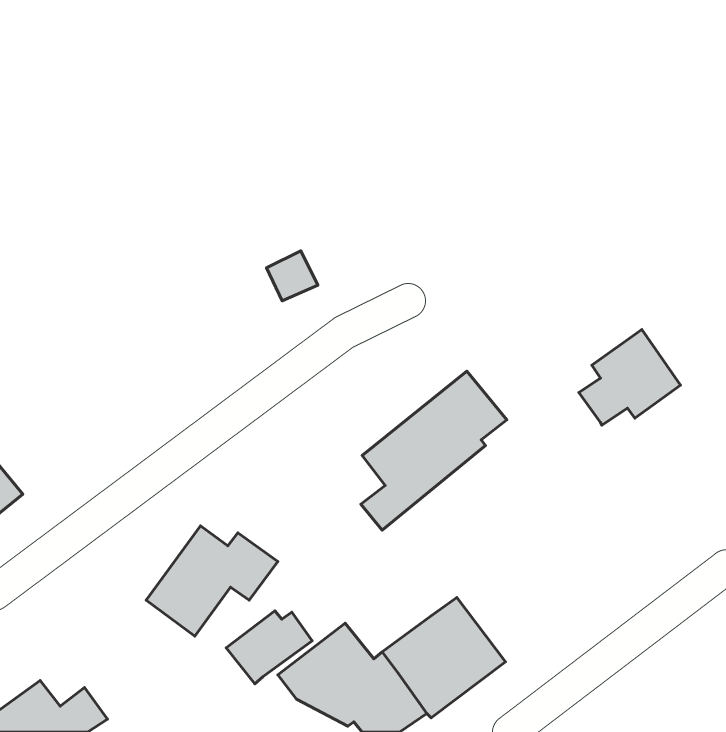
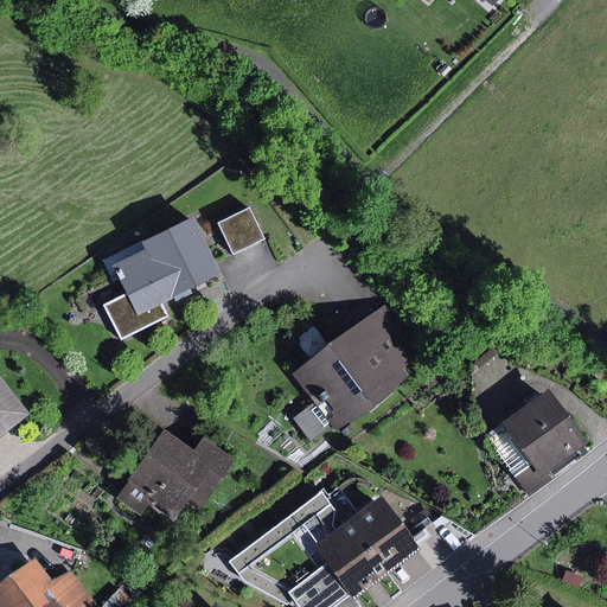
building: none -> [104,229,213,338]
building: [579,329,681,425] -> [494,394,579,473]
building: [226,611,312,684] -> [286,485,357,545]

